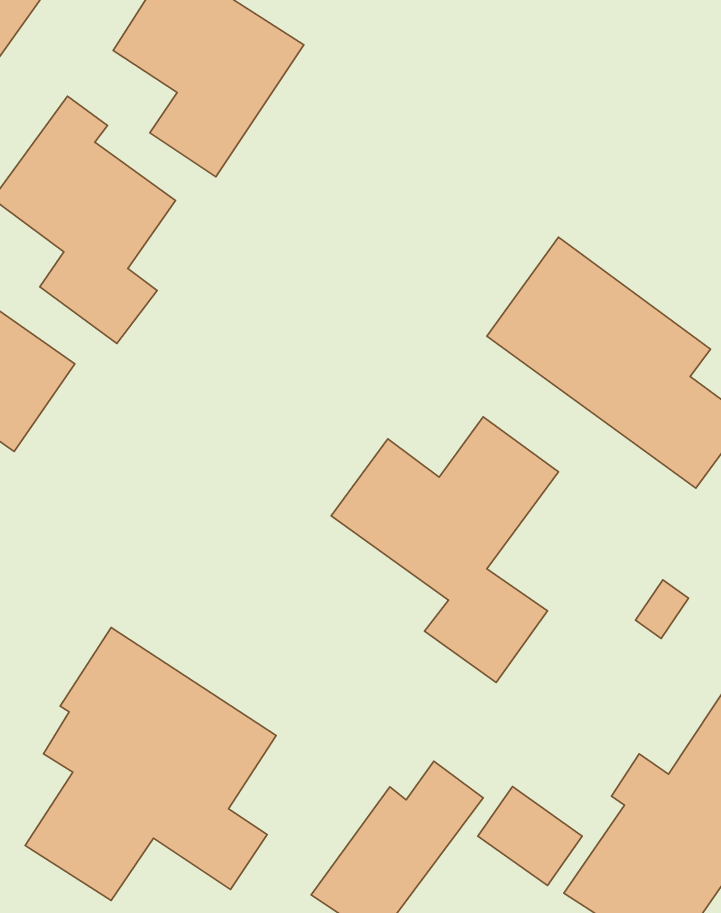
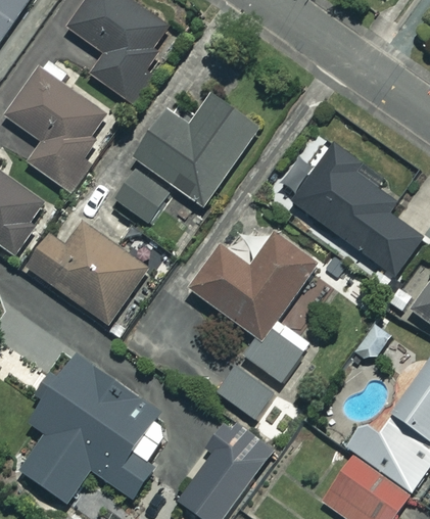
building: none -> [114,94,258,222]
building: none -> [28,222,150,324]
building: [478,787,582,886] -> [217,364,275,419]

